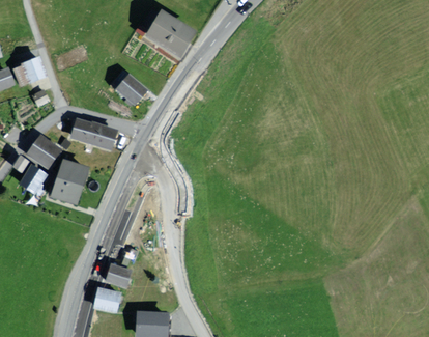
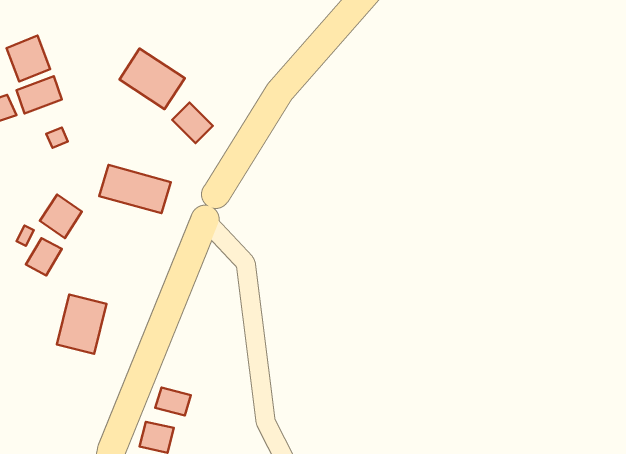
building: [147,13,191,54] -> [119,49,185,109]
building: none -> [7,36,50,82]
building: [55,163,88,202] -> [57,295,107,354]

